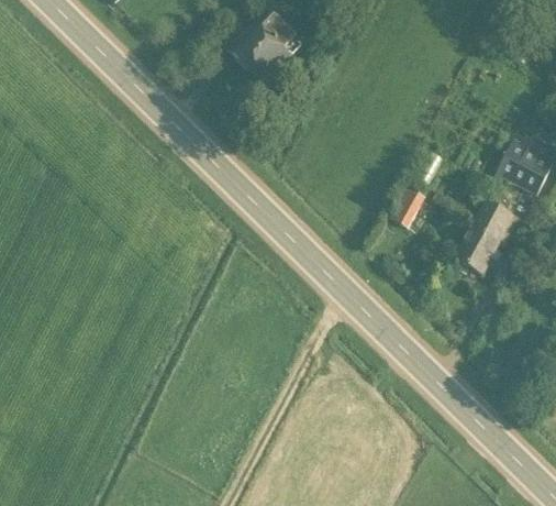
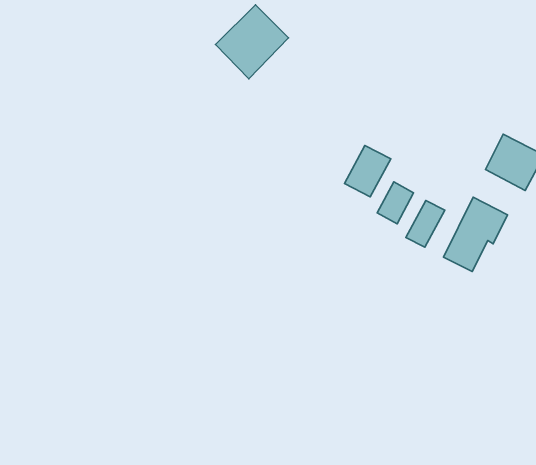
building: none -> [345,145,391,197]
building: none -> [406,200,445,247]

